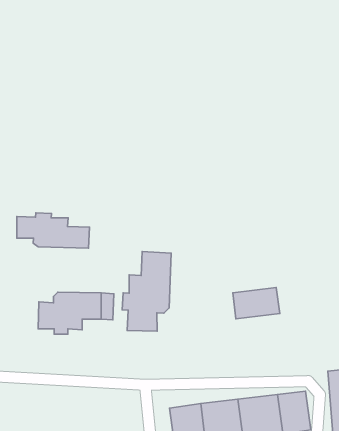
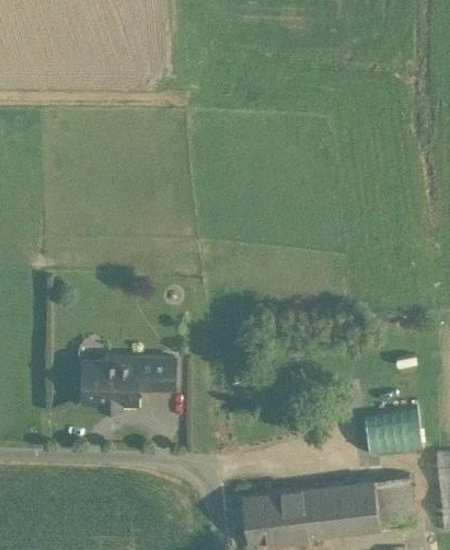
building: [17,213,89,248] -> none
building: [122,252,171,331] -> none
building: [233,287,280,319] -> [365,418,422,456]

